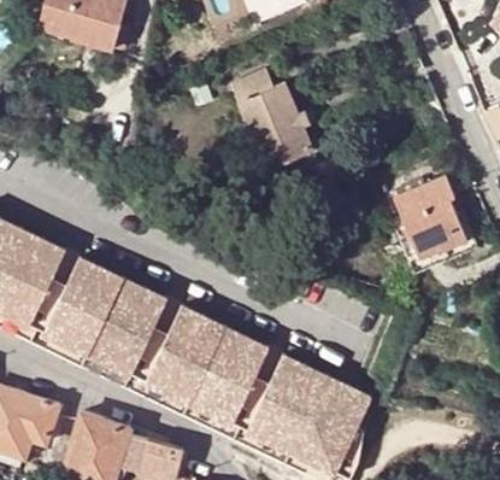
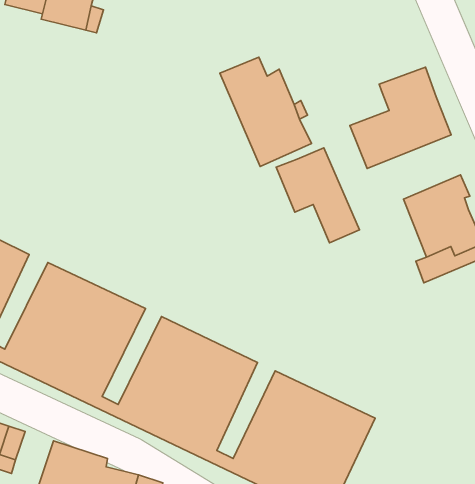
building: none -> [350,67,451,168]
building: none -> [276,148,359,243]

